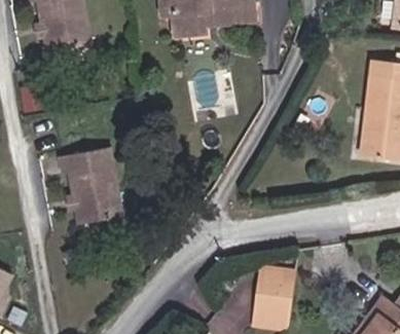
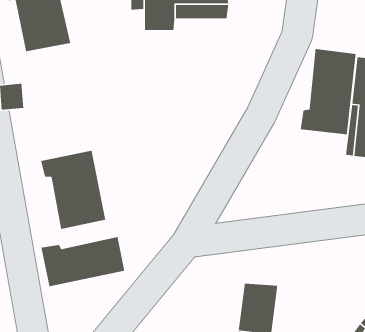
building: none -> [300,48,357,135]
building: none -> [41,236,125,287]

